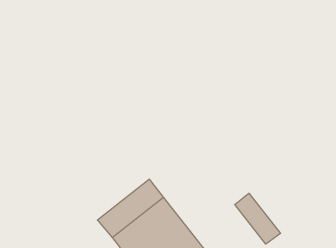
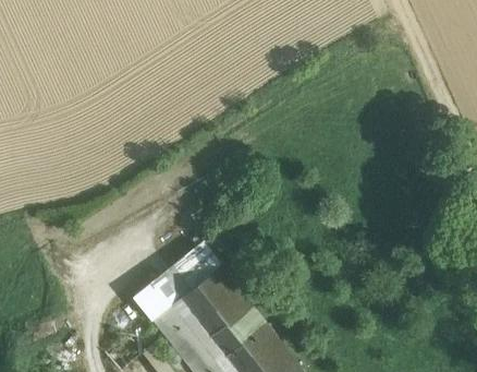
building: [235,193,281,244] -> none

